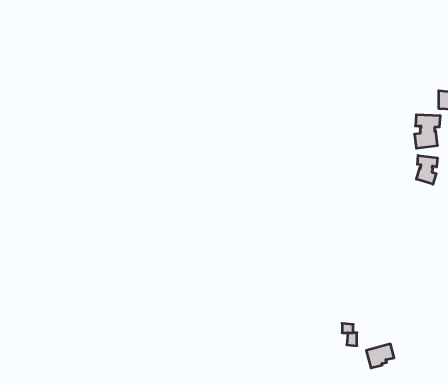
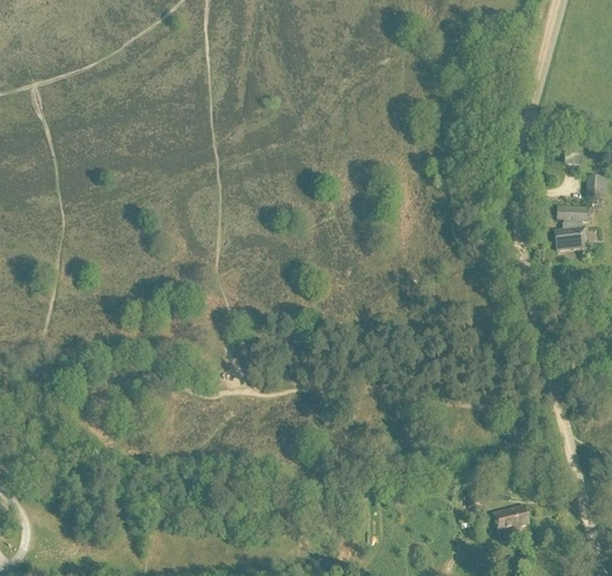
building: [416,155,437,184] -> none

